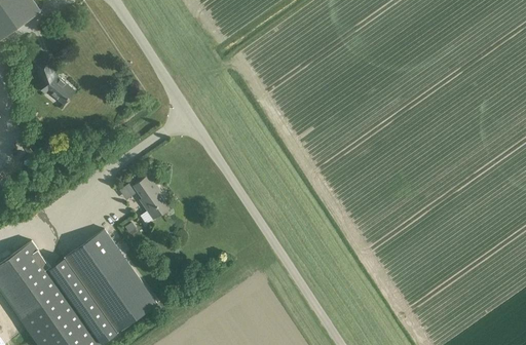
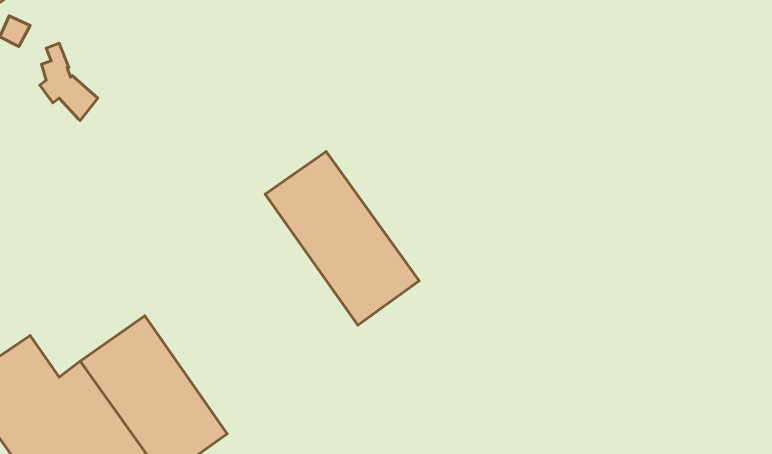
building: none -> [265,152,419,325]
building: [134,176,167,220] -> none

